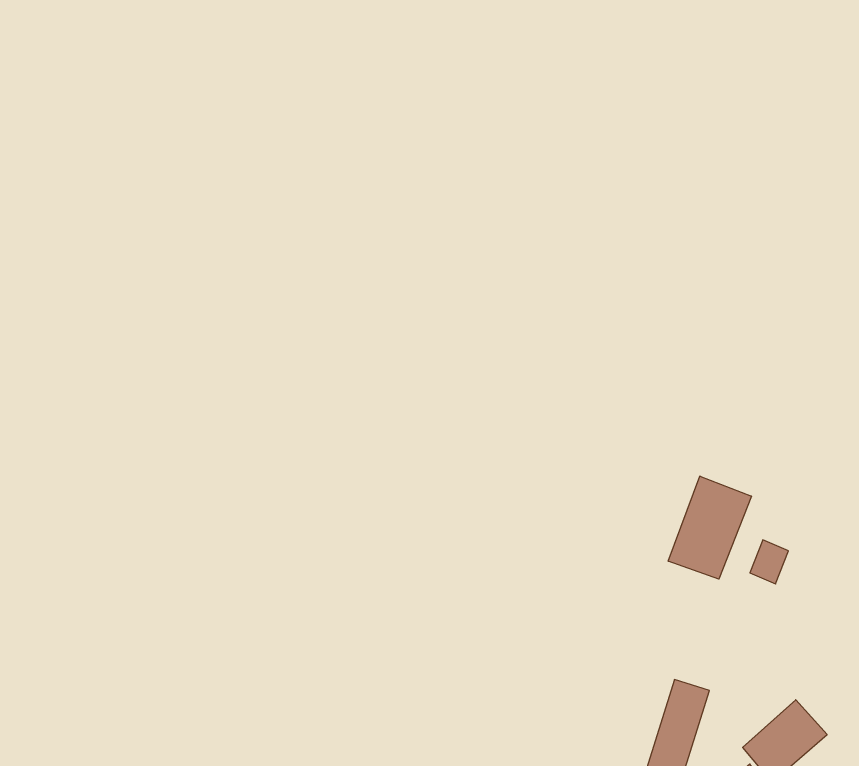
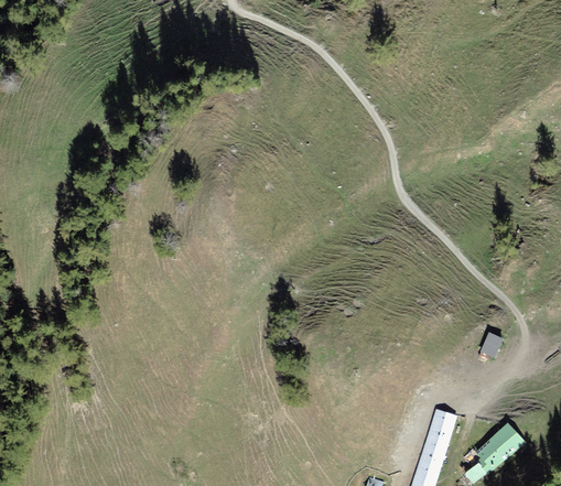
building: [668,476,751,579] -> none

